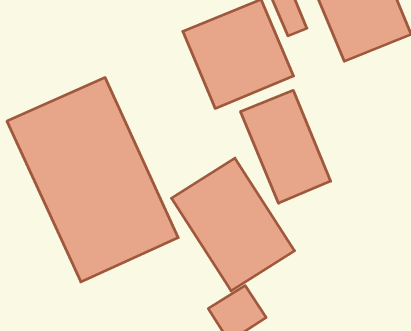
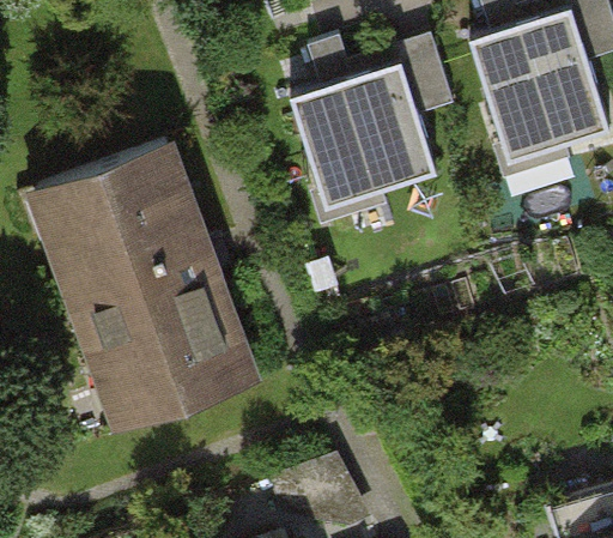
building: [241,90,331,203] -> none
building: [171,158,295,291] -> none

